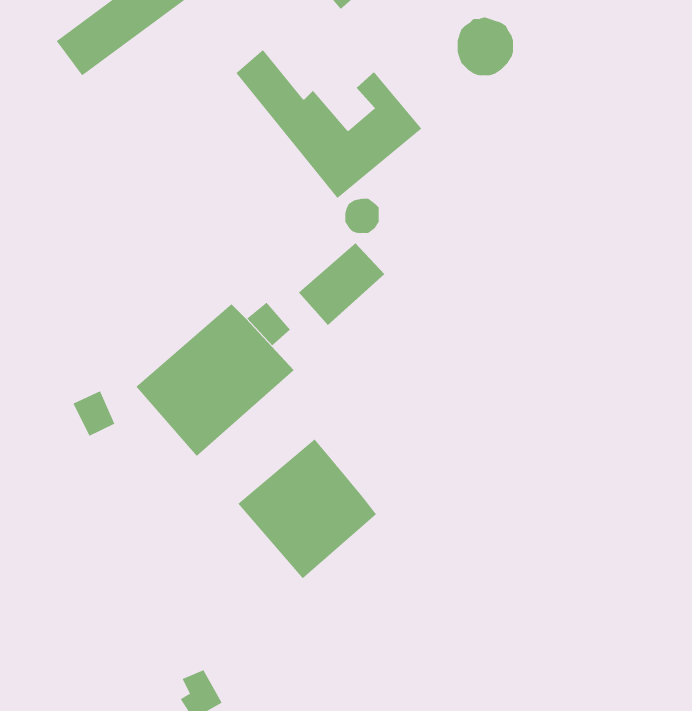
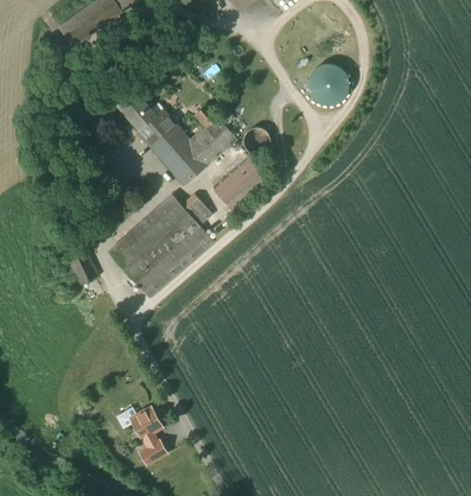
building: [457,17,514,76] -> [308,64,345,102]
building: [236,49,422,199] -> [116,88,236,184]
building: [237,439,377,579] -> none
building: none -> [129,405,161,437]

